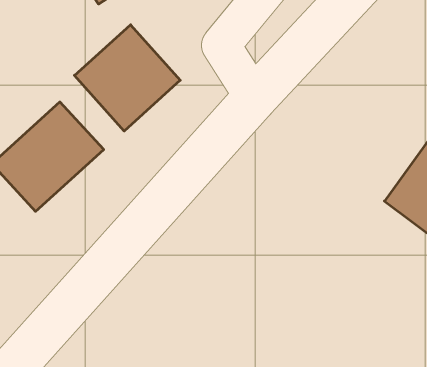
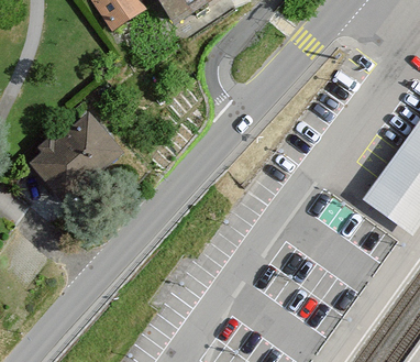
building: [74,25,180,131] -> none

